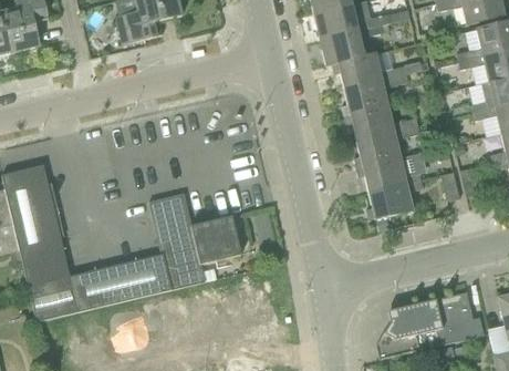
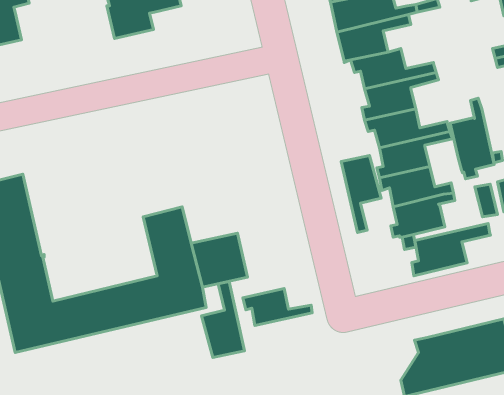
building: none -> [450,98,494,179]
building: none -> [341,155,381,232]
building: none -> [412,224,491,276]
building: none -> [201,281,245,357]
building: none -> [243,288,312,325]

